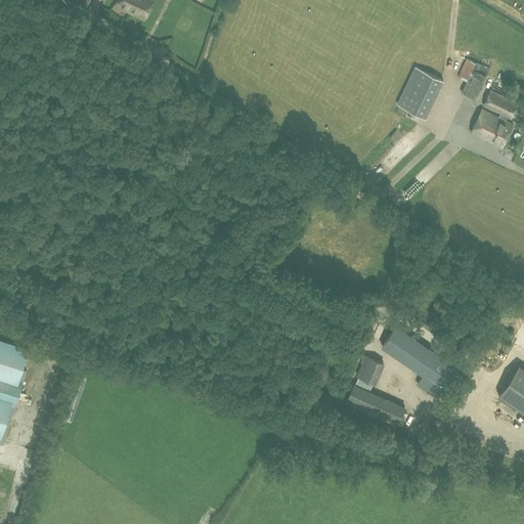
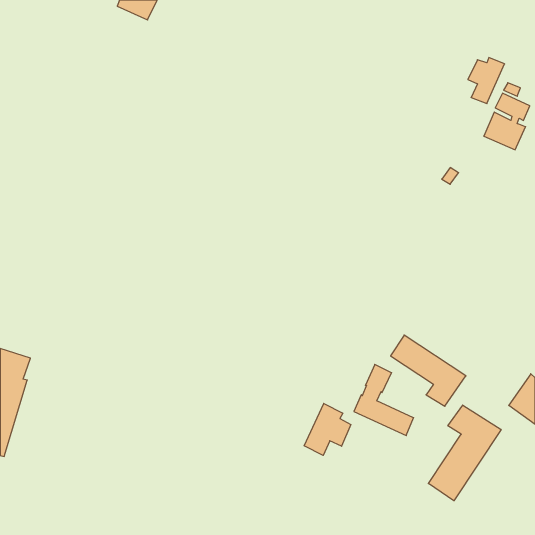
building: [397,67,443,118] -> none
building: none -> [304,403,351,455]
building: none -> [428,405,501,501]

